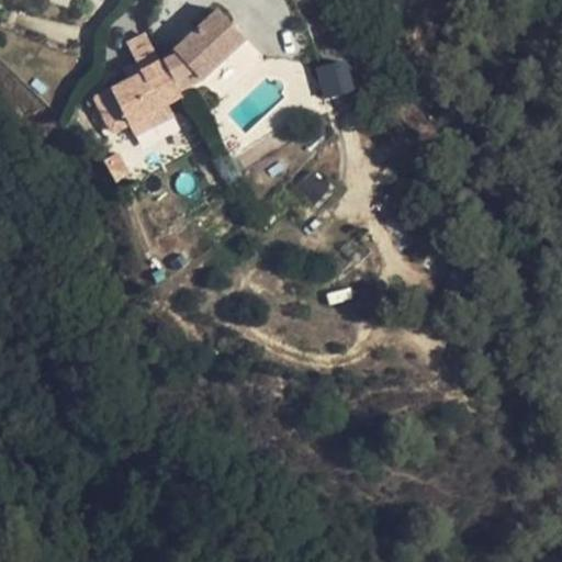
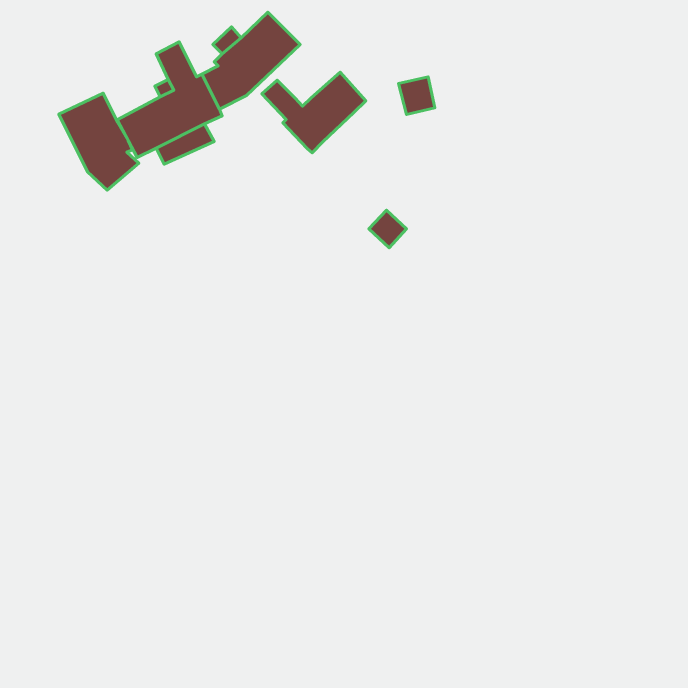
building: none -> [262,72,366,153]
building: none -> [59,93,139,190]

